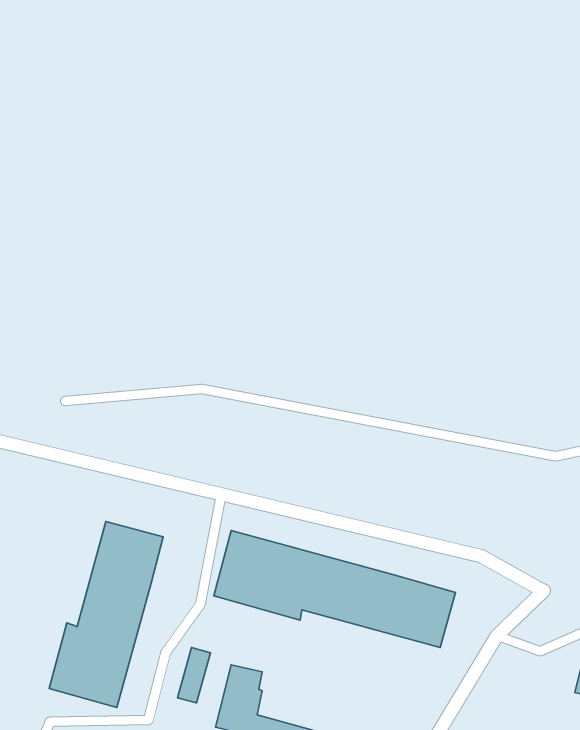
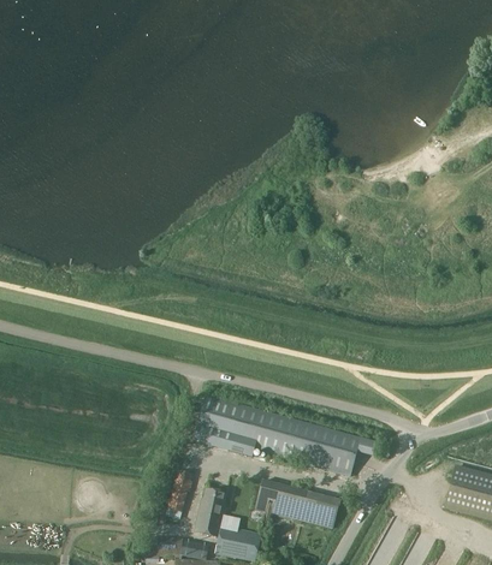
building: [49,521,163,708] -> none
building: none -> [256,478,339,528]

